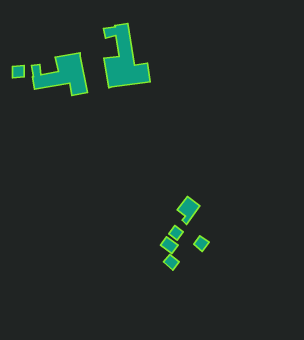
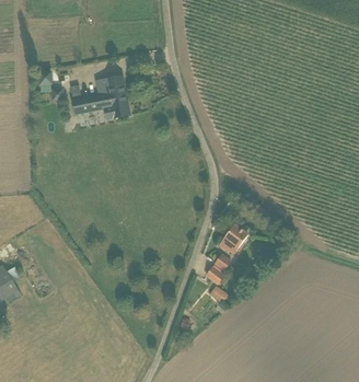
building: [103,23,150,88] -> none

